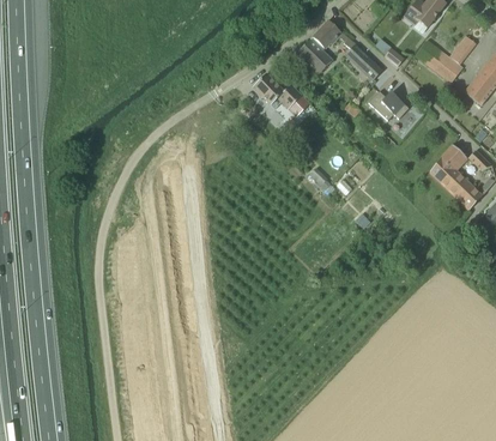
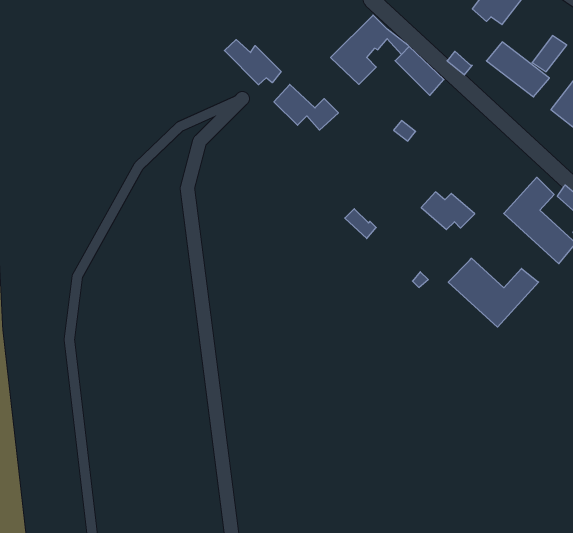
building: none -> [224,40,281,85]
building: [369,90,410,119] -> [421,192,475,230]
building: none -> [448,258,539,327]

